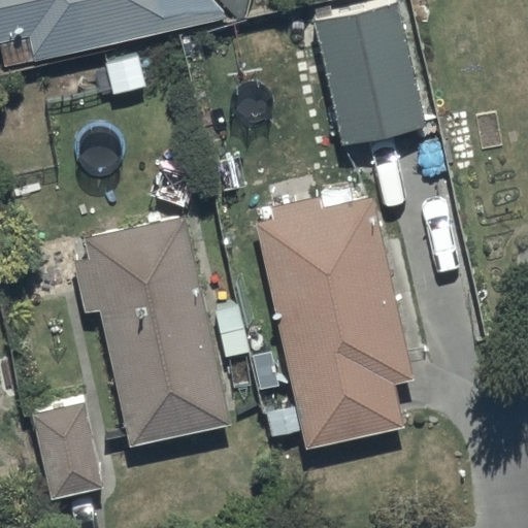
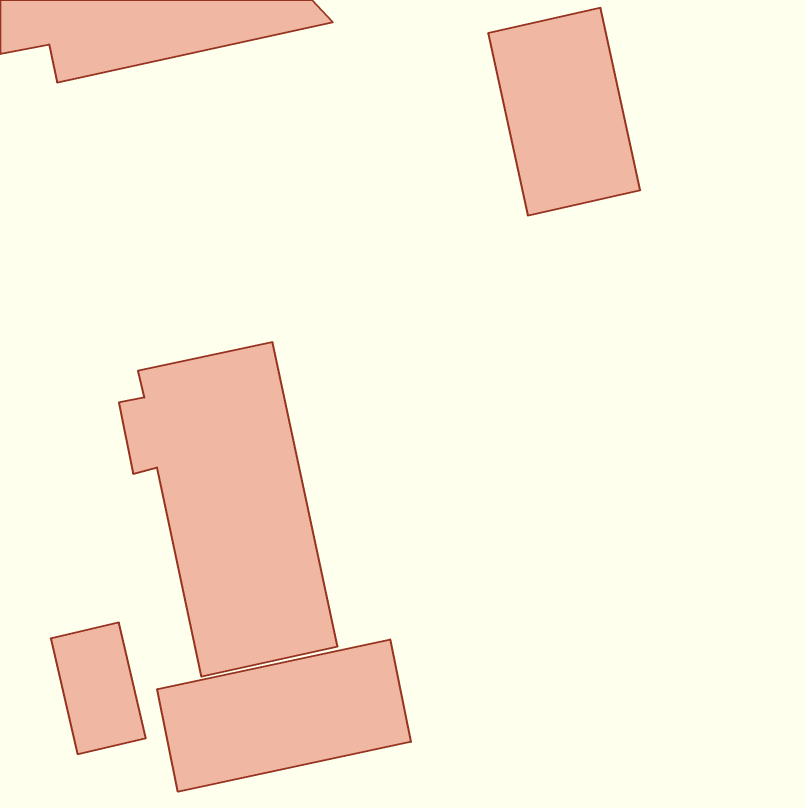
building: [270,203,401,437] -> none
building: none -> [157,639,411,792]

